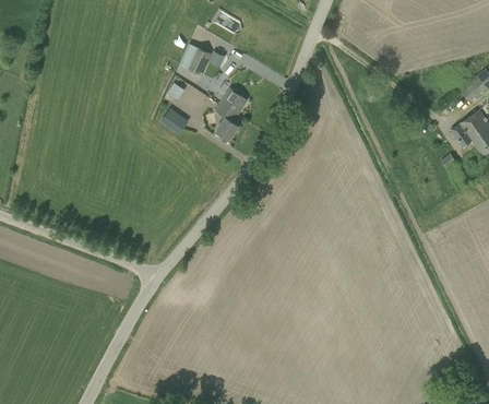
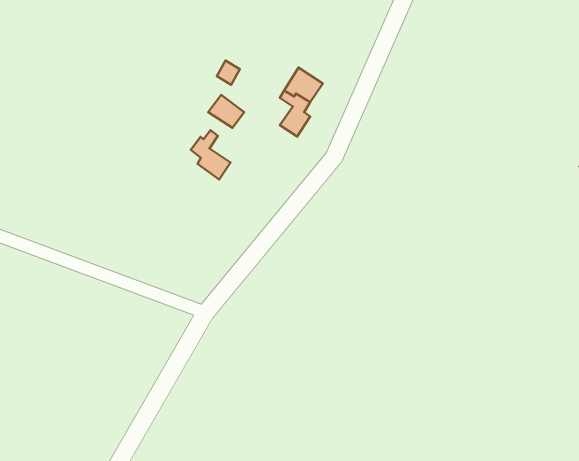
building: [179,43,212,75] -> none
building: none -> [191,130,231,179]

